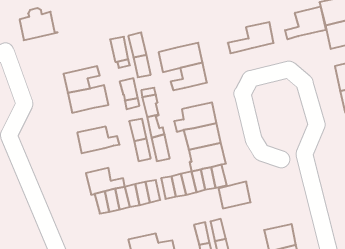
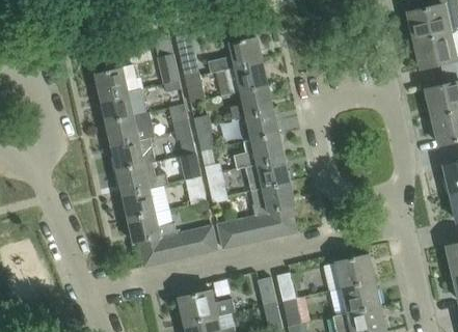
building: [285,7,326,39] -> none
building: [20,8,58,40] -> [95,60,140,99]
building: [228,22,274,53] -> [207,36,262,74]
building: none -> [245,109,278,139]
building: none -> [110,137,154,169]
building: none -> [122,185,165,218]
building: [219,182,251,208] -> [335,254,374,286]

